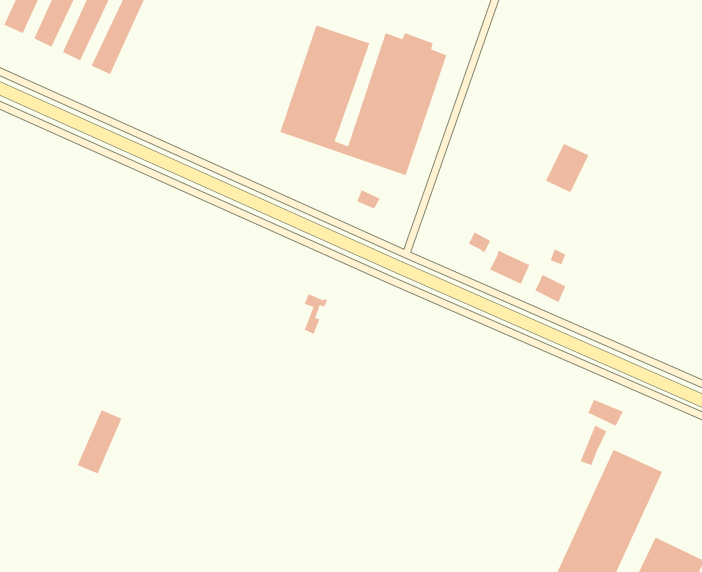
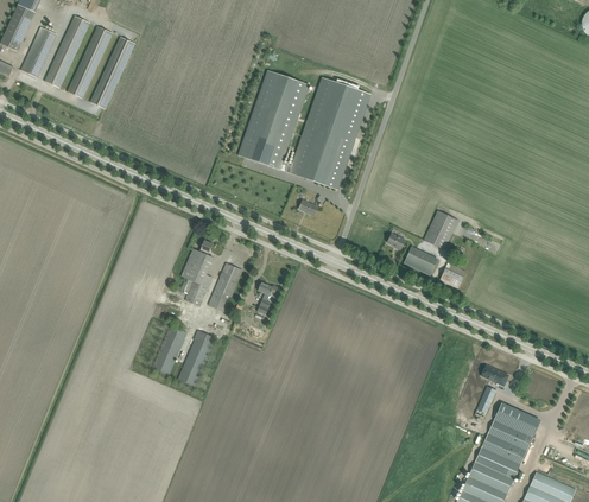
building: [545,143,589,193] -> [423,210,457,249]
building: none -> [178,240,213,306]
building: none -> [207,262,241,311]
building: none -> [177,329,215,386]
building: [77,409,122,474] -> [151,324,186,375]

